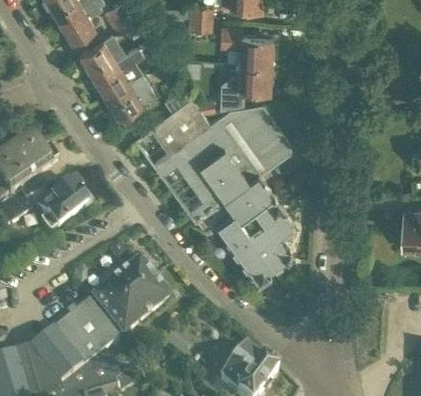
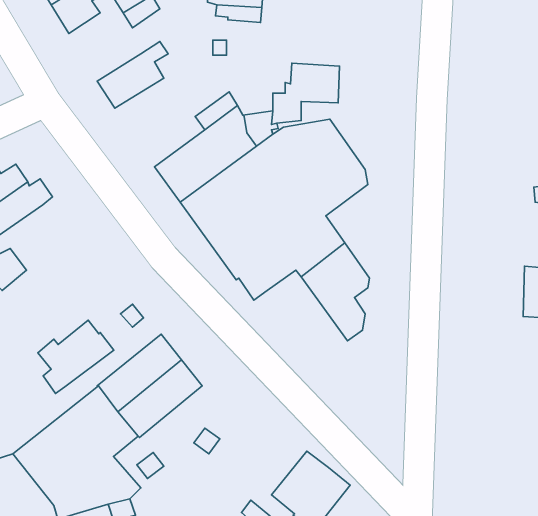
building: [78,34,123,75] -> none
building: [231,35,271,64] -> none
building: [104,73,146,116] -> none
building: [36,181,92,235] -> [38,320,114,394]
building: [216,214,275,280] -> none

